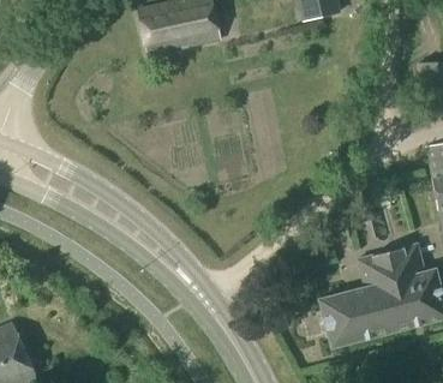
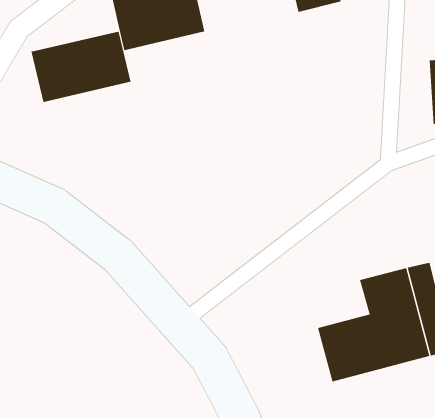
building: none -> [31,31,131,103]

